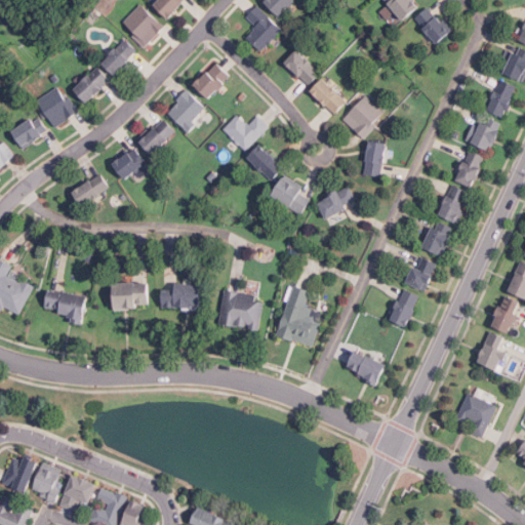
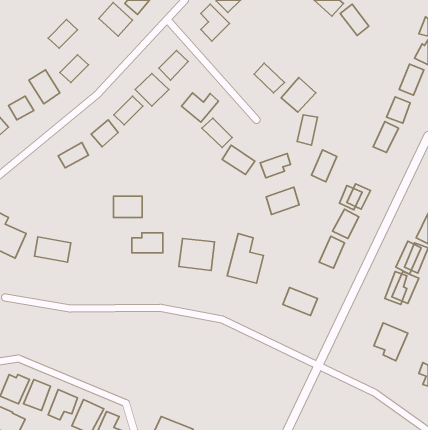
building: [99,39,135,74] -> [48,20,78,48]
building: [283,49,319,85] -> none
building: [437,184,468,223] -> [311,150,337,182]
building: none -> [266,187,299,214]
building: [112,283,147,309] -> [113,196,142,217]

